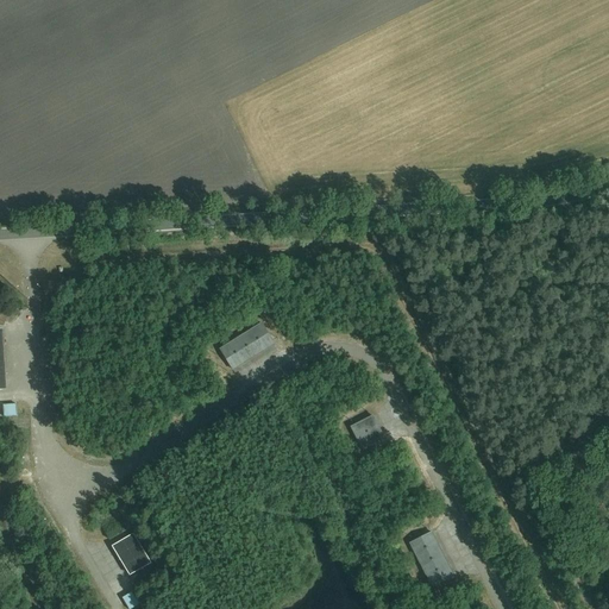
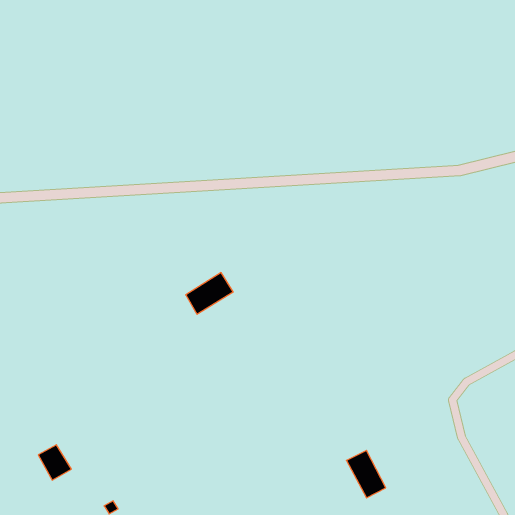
building: [351,414,385,448] -> none
building: [113,533,152,575] -> [38,445,71,480]

